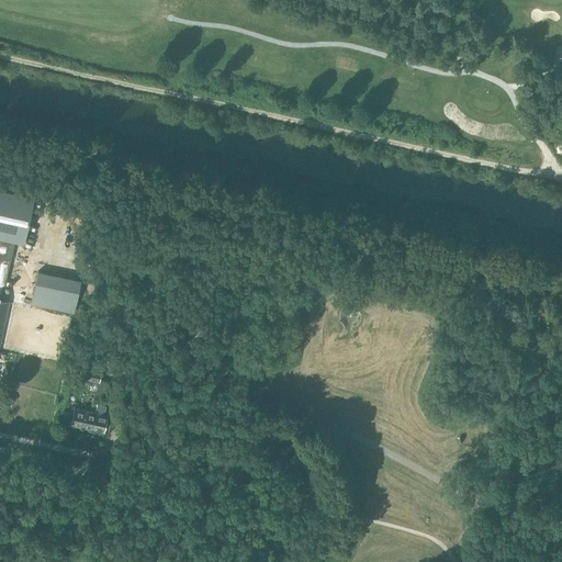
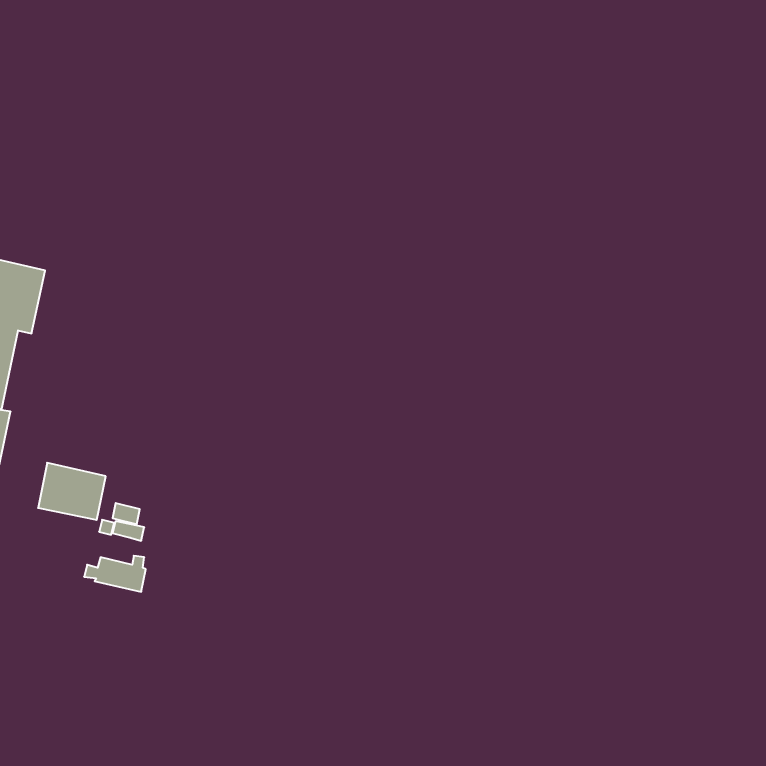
building: [30,272,79,314] -> [38,463,106,520]

